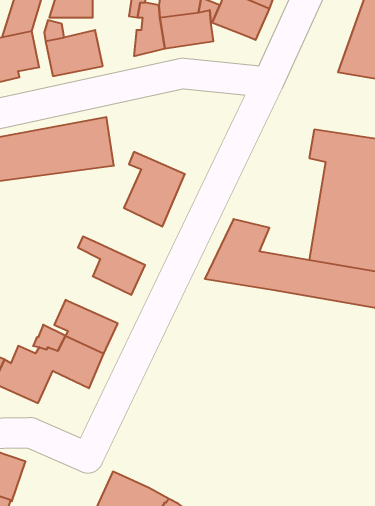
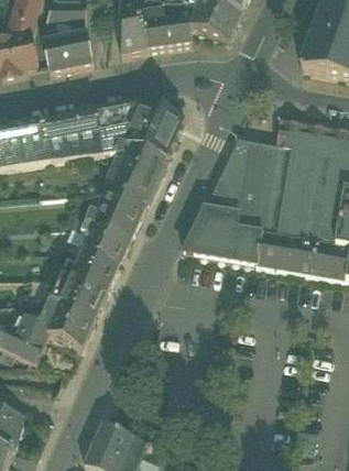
building: none -> [96,101,184,161]
building: none -> [208,140,290,237]
building: none -> [85,190,145,241]
building: none -> [62,251,118,293]

